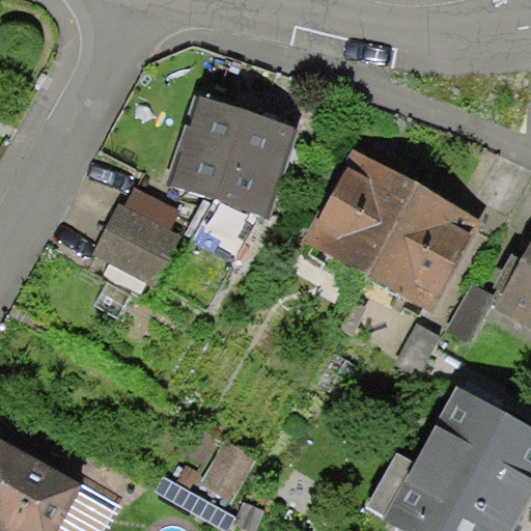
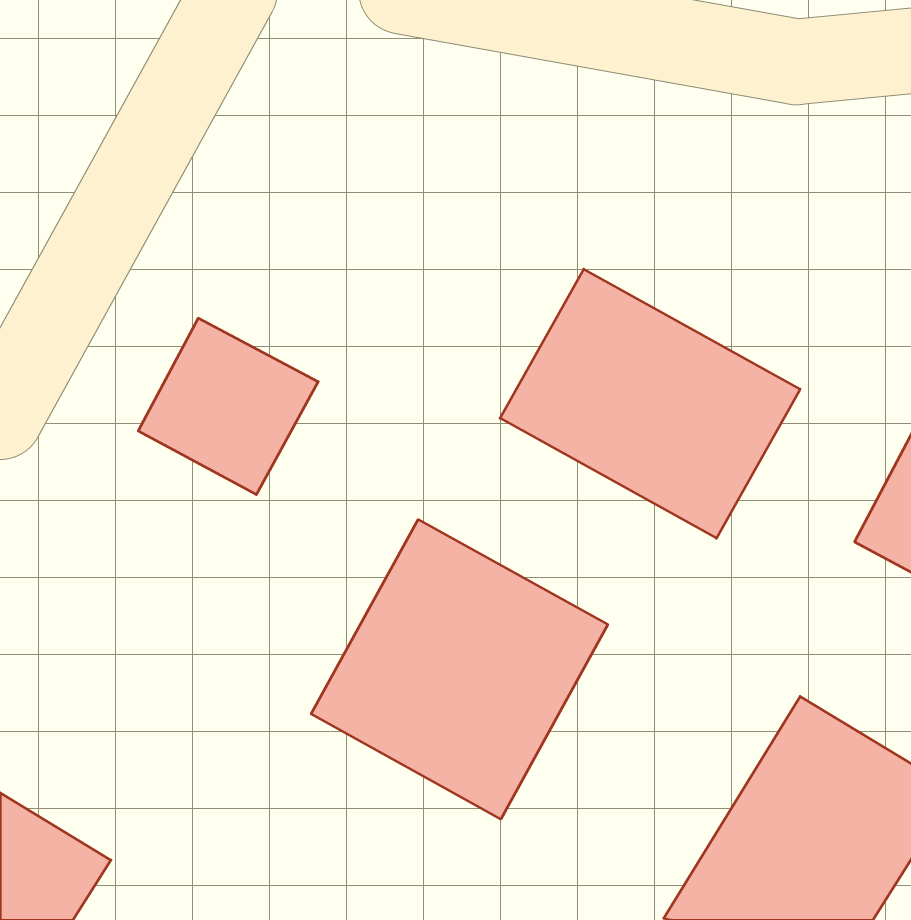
building: [174,101,298,215] -> none
building: none -> [311,520,608,819]

